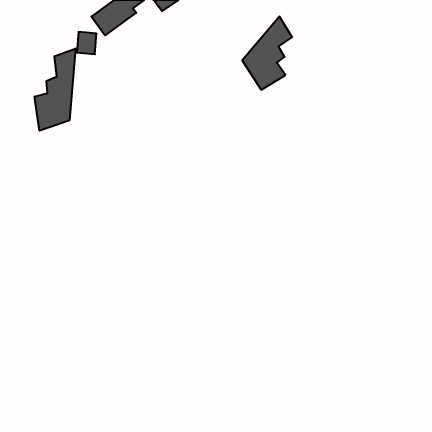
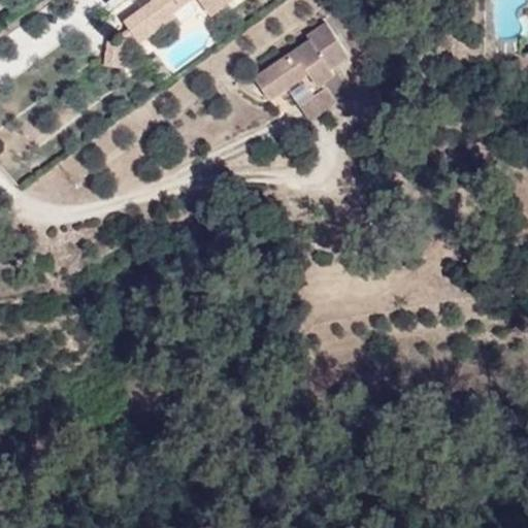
building: none -> [255,19,334,96]
building: [35,48,75,131] -> none

